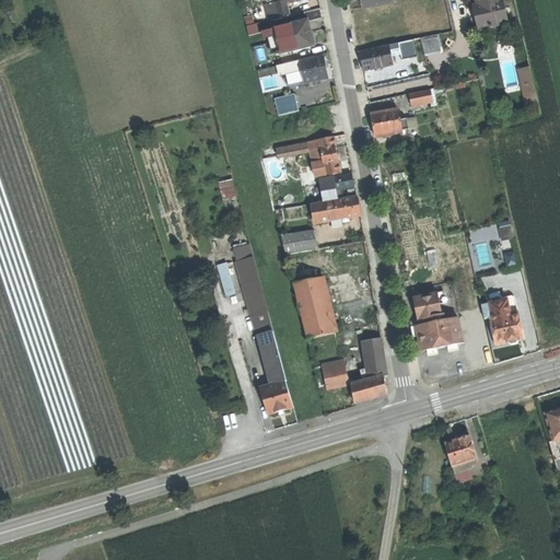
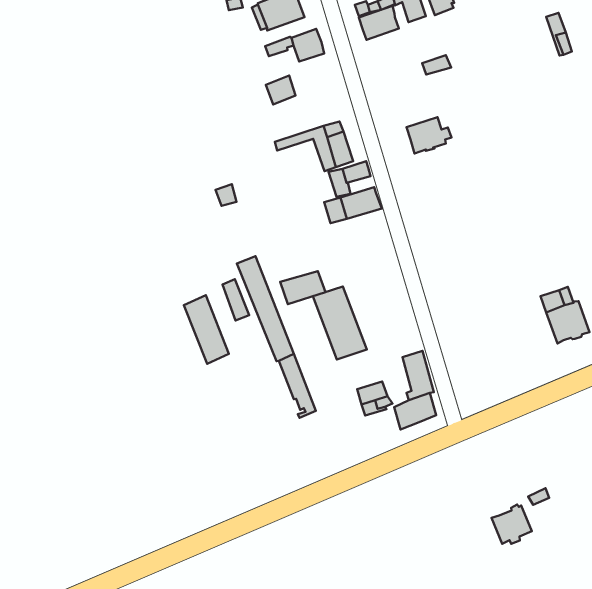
building: [370,108,407,137] -> [406,117,451,153]
building: [280,230,317,255] -> [280,271,325,304]
building: none -> [184,295,229,364]
building: [413,292,463,349] -> none
building: [259,380,292,413] -> none
building: [444,434,477,467] -> [492,505,532,544]

